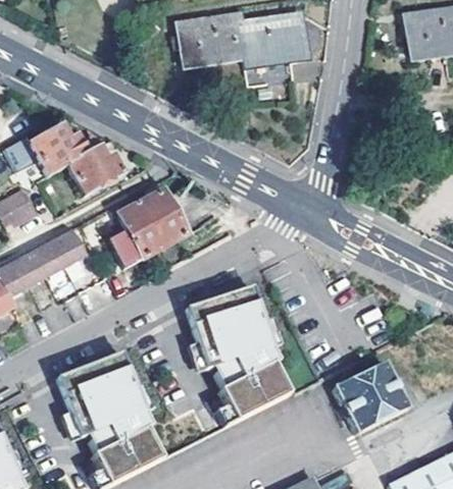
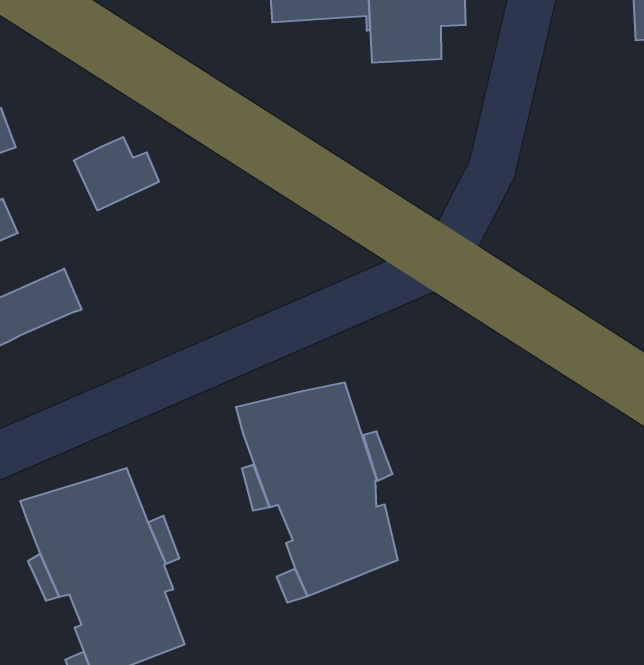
building: [32,126,86,174] -> none
building: [115,191,187,270] -> none
building: [334,362,406,432] -> none

